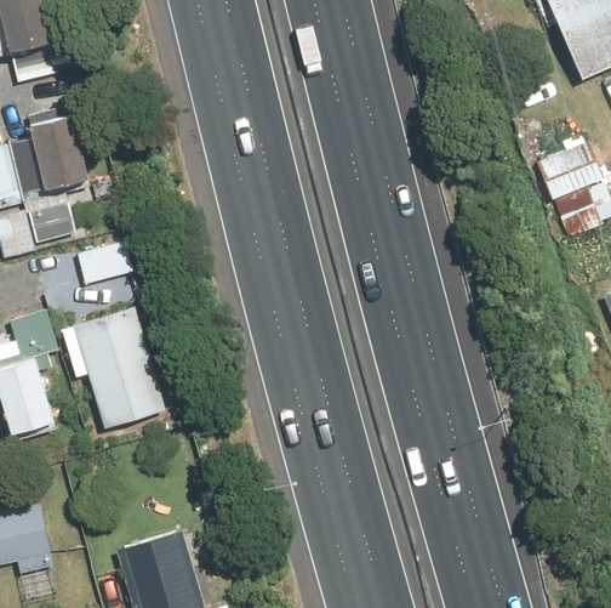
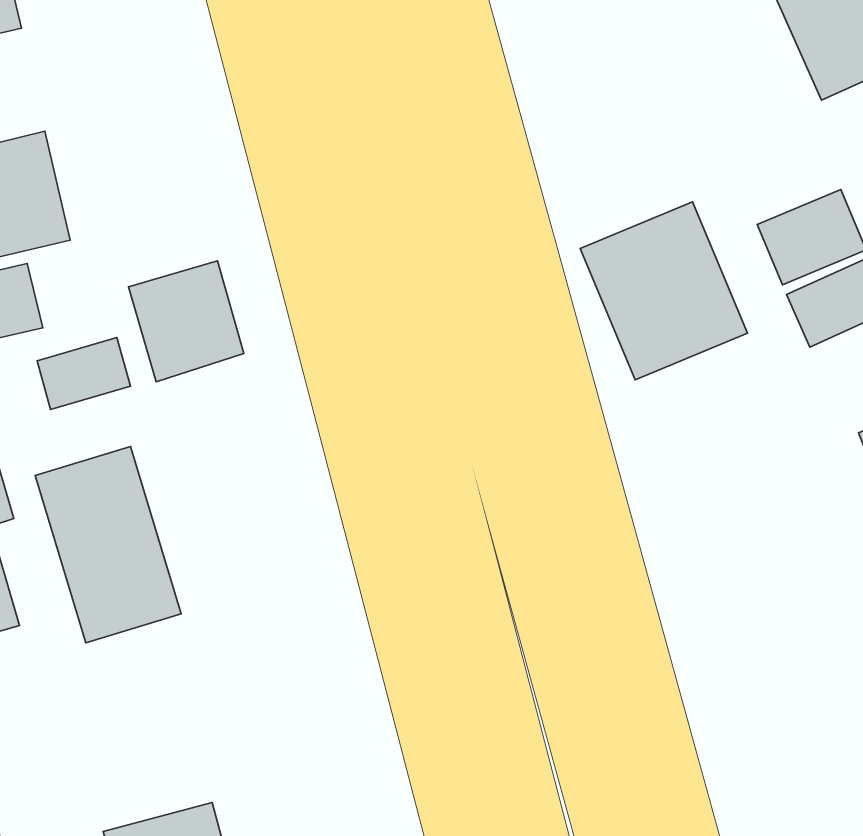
building: none -> [580,202,747,380]
building: none -> [129,261,244,382]

